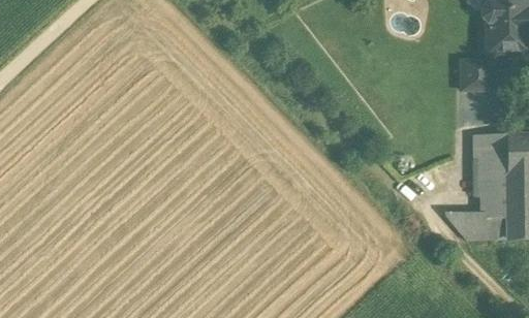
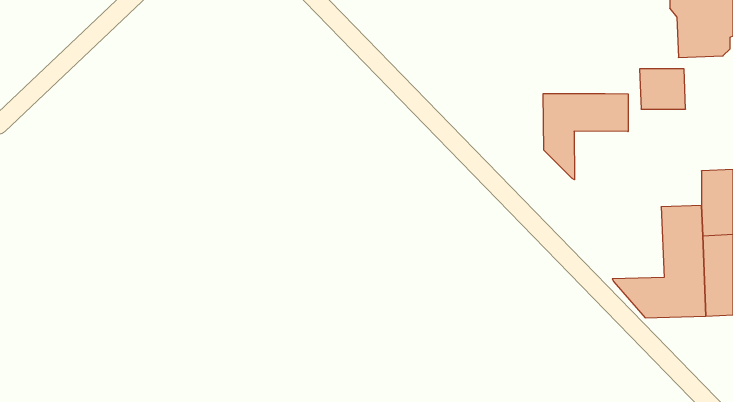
building: none -> [543,94,628,180]
building: [472,134,505,160] -> none

